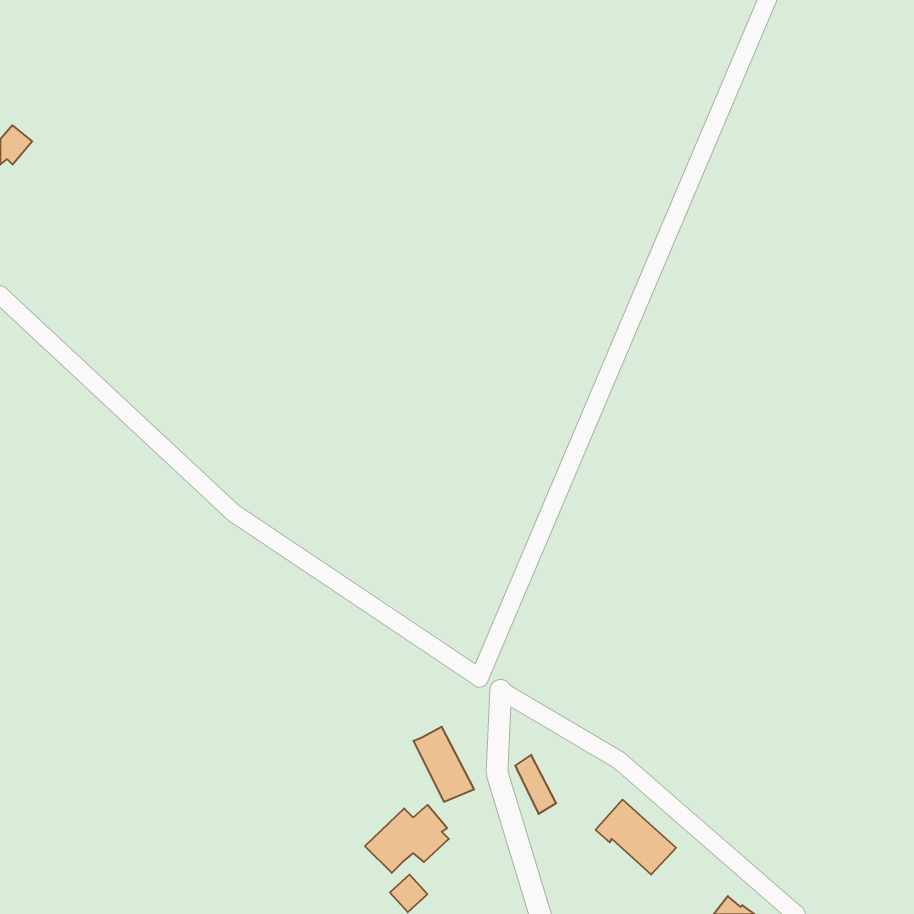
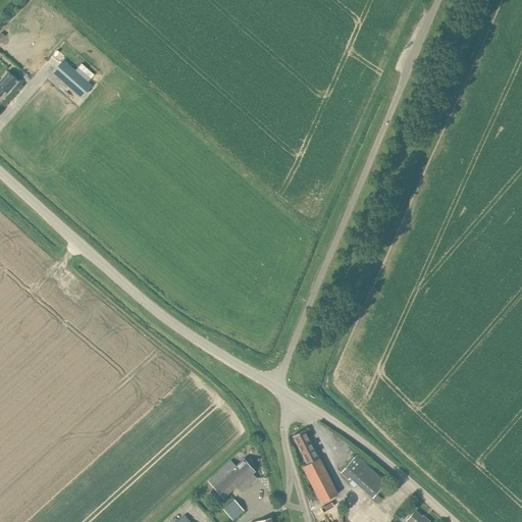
building: none -> [53,61,92,98]
building: [413,727,474,802] -> [302,458,336,501]

